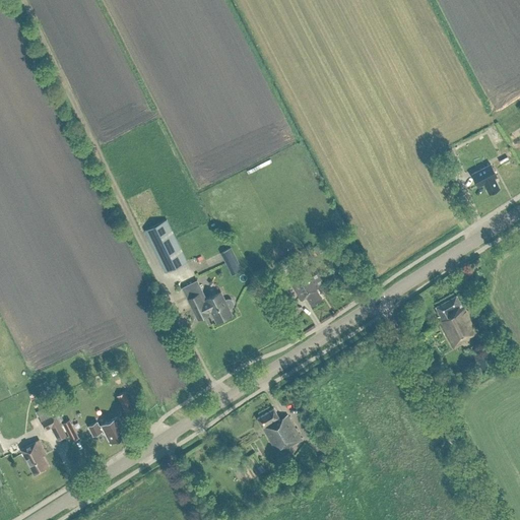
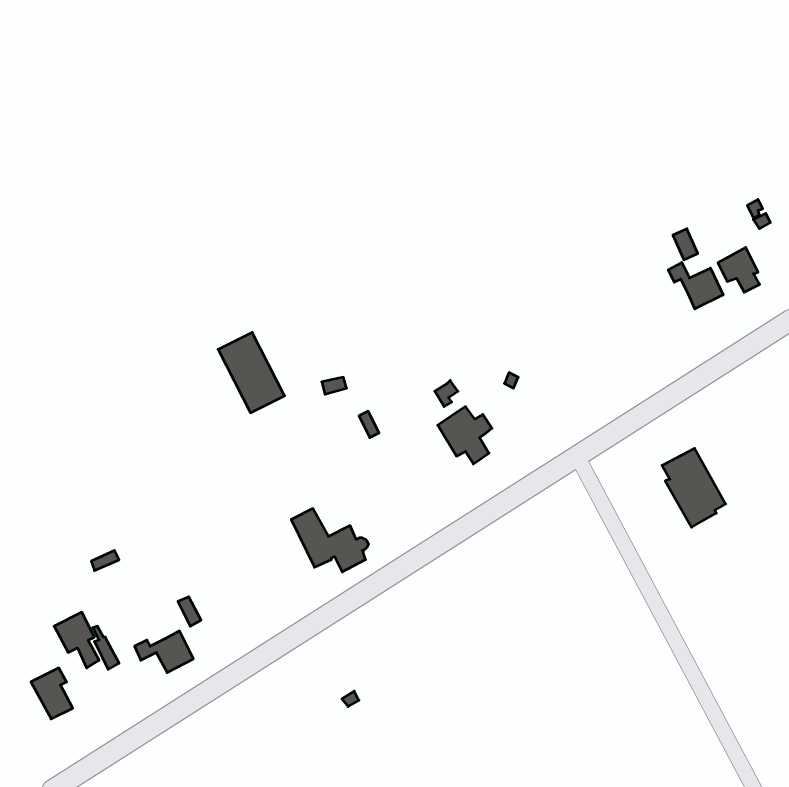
building: none -> [668,262,723,309]
building: [183,281,234,323] -> [291,509,369,572]
building: [257,409,303,455] -> none

